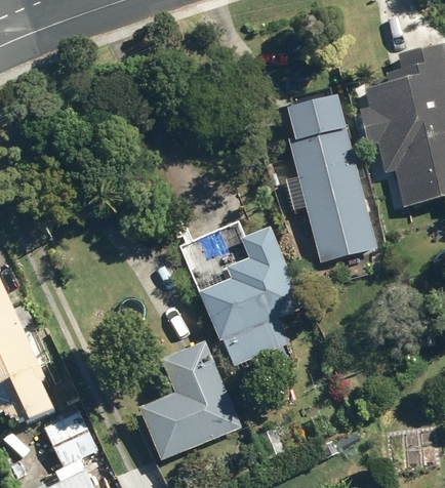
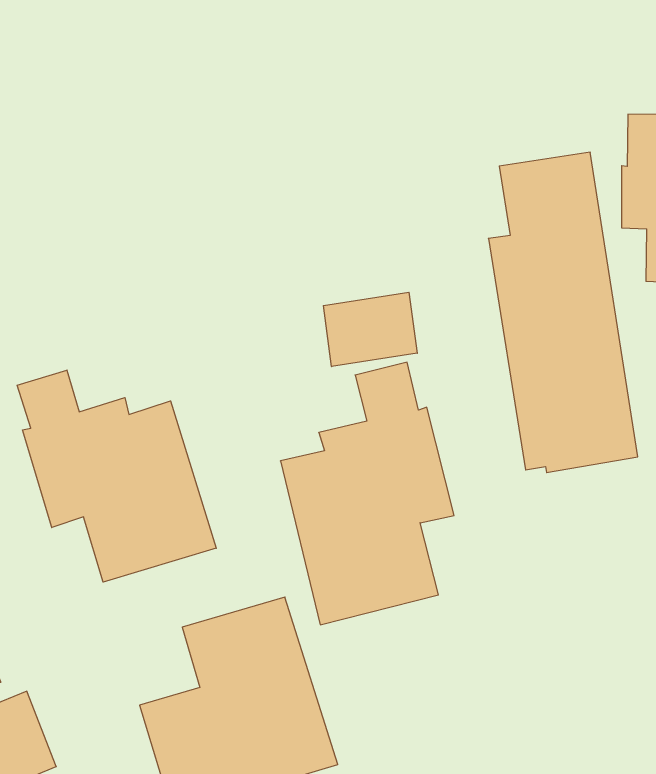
building: none -> [323,292,417,367]
building: none -> [17,370,216,582]

